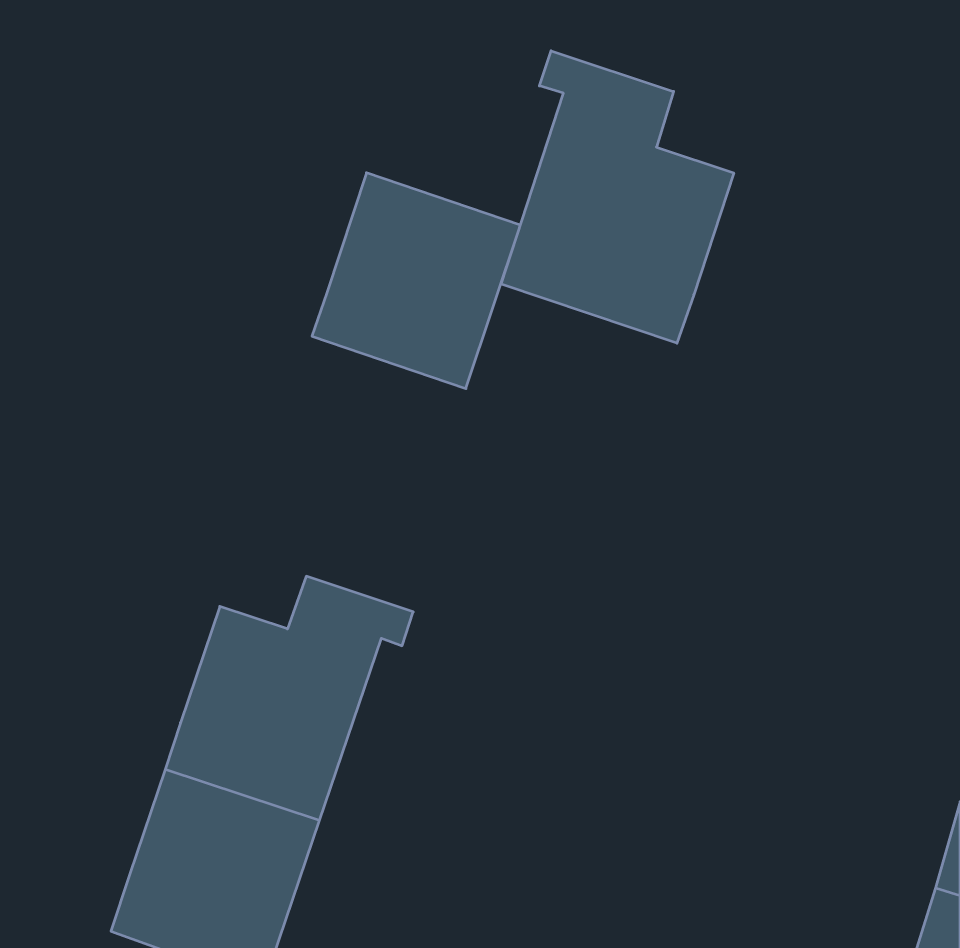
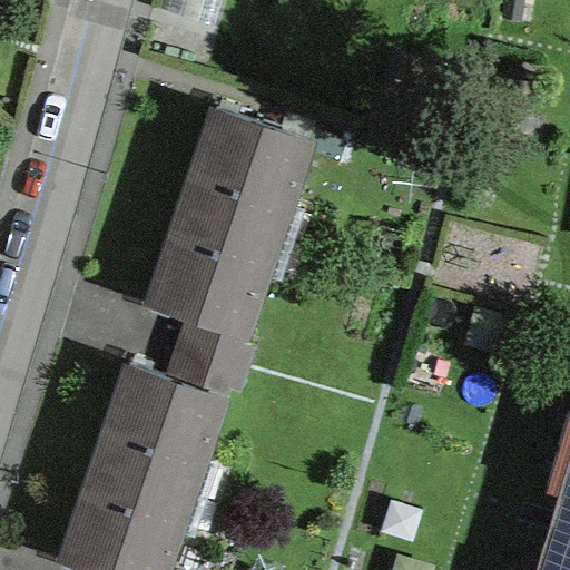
building: [501,51,734,343] -> none
building: none -> [151,206,276,370]

